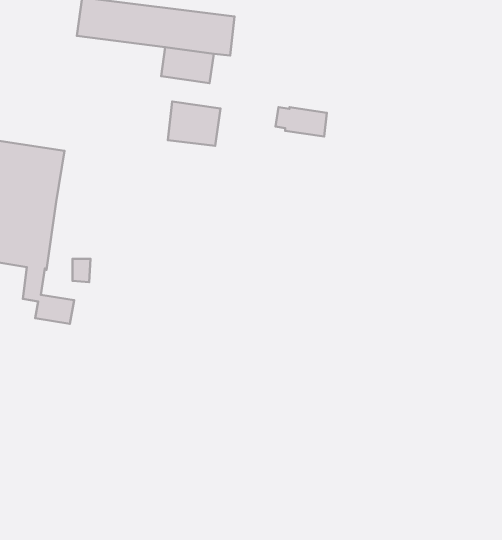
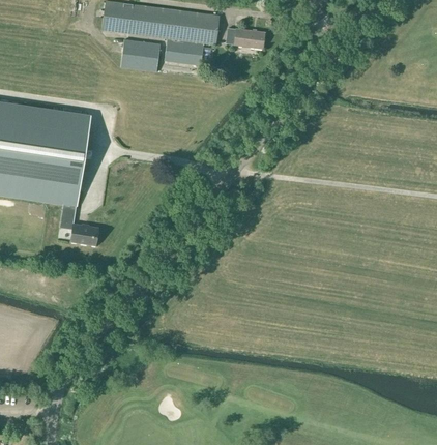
building: [168,102,221,146] -> [120,38,159,71]
building: [276,107,327,136] -> [226,28,264,50]

